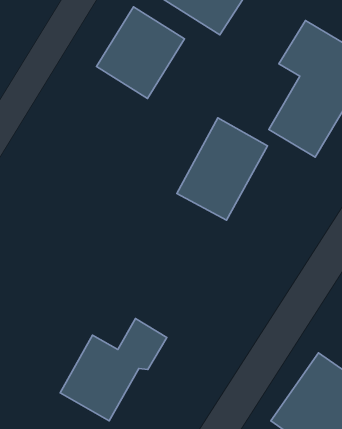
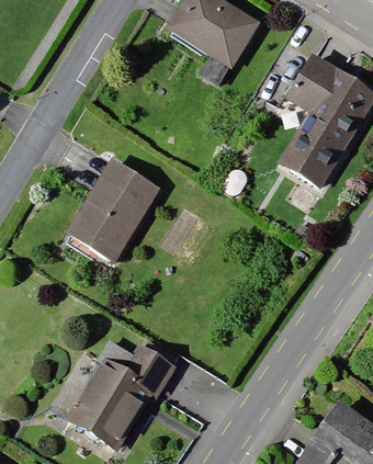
building: [96,7,185,99] -> none
building: [177,118,268,220] -> [67,162,157,263]

